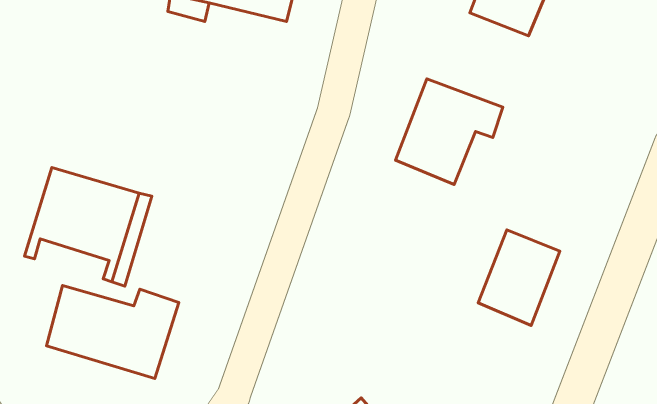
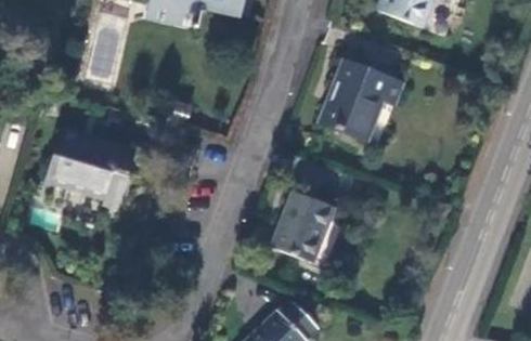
building: [478,230,560,326] -> [272,192,334,264]
building: [46,285,179,379] -> none

